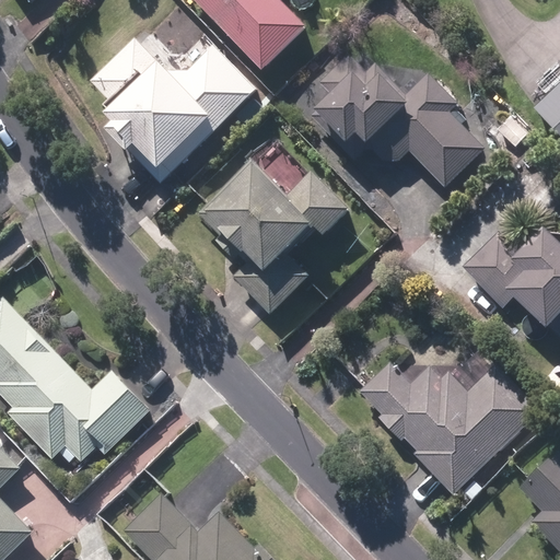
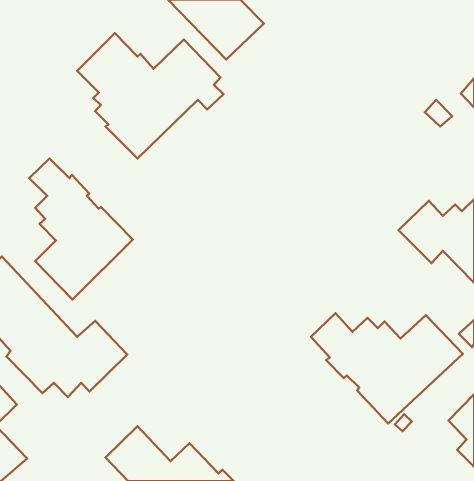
building: [310,56,480,186] -> none
building: [202,161,354,313] -> none
building: none -> [29,158,133,299]

